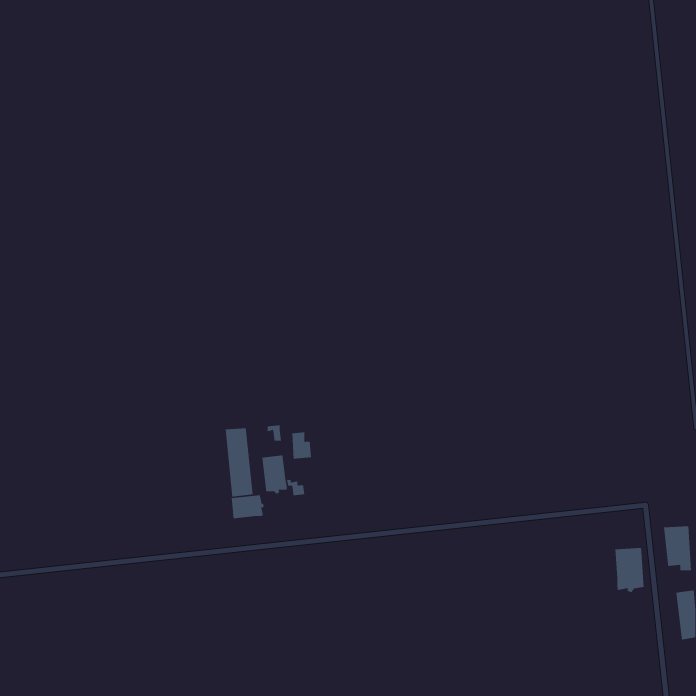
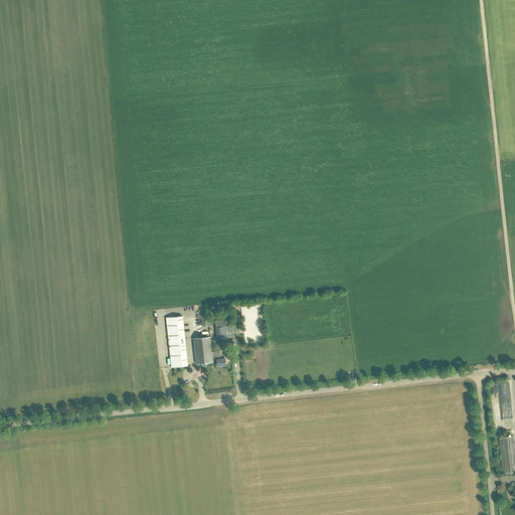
building: [231,495,265,519] -> none
building: [615,547,644,593] -> none

